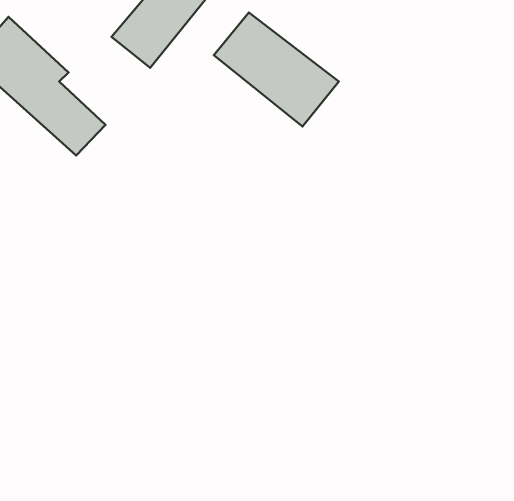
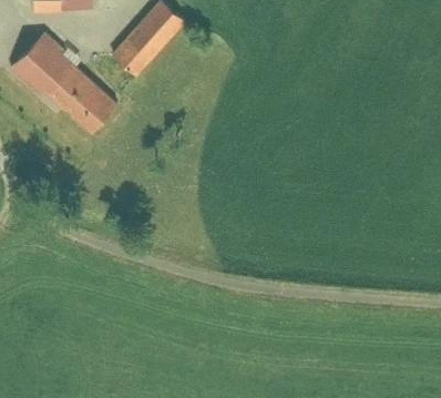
building: [214,12,339,126] -> none

